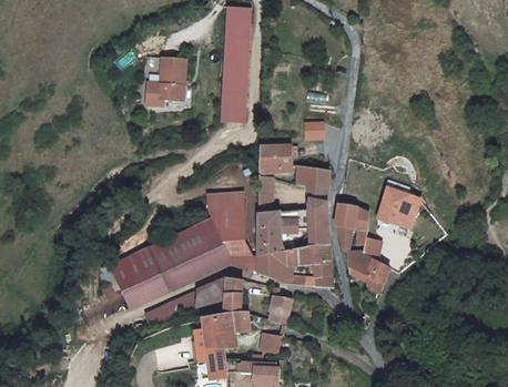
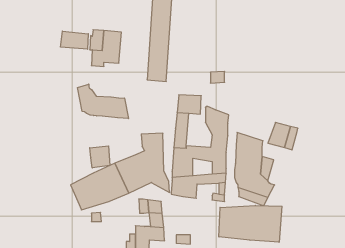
building: none -> [61,31,88,49]
building: none -> [77,84,128,119]
building: none -> [90,146,110,168]
building: none -> [219,205,282,242]
building: [267,301,291,327] -> none

